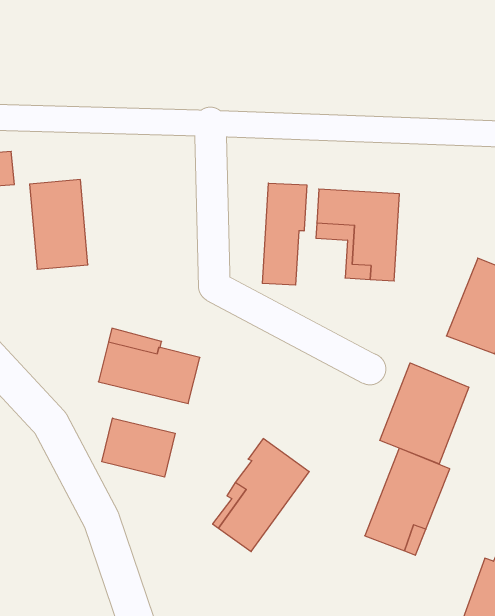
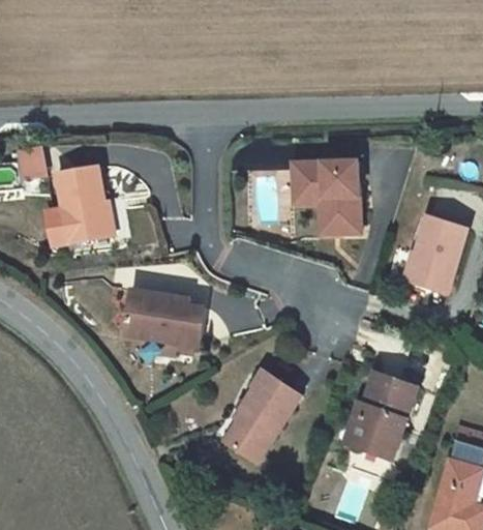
building: [262,183,307,285] -> none
building: [380,363,469,464] -> none
building: [102,418,175,477] -> none

